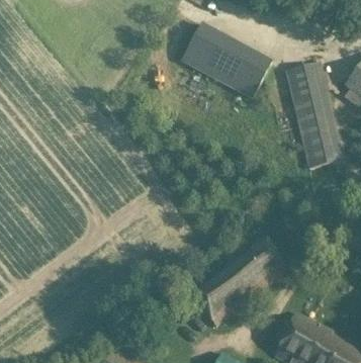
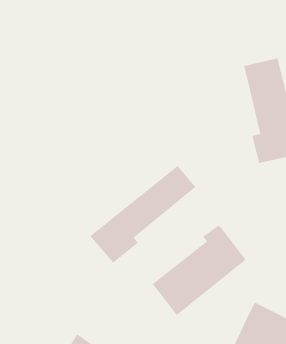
building: [179,21,272,96] -> none
building: none -> [90,165,196,264]

